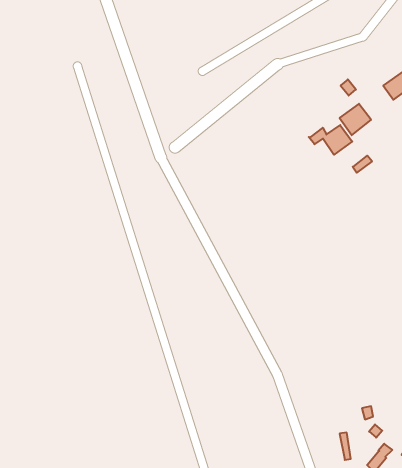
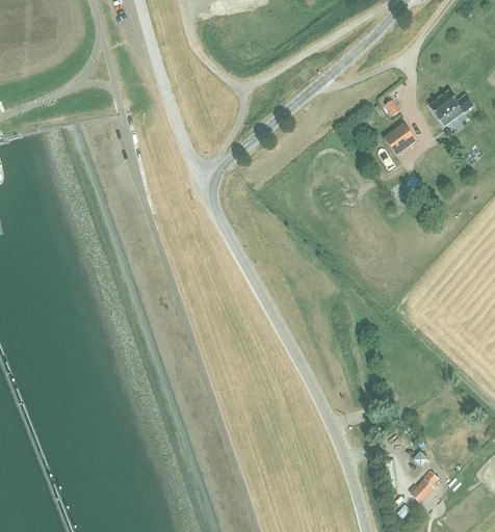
building: [309,125,352,155] -> none

